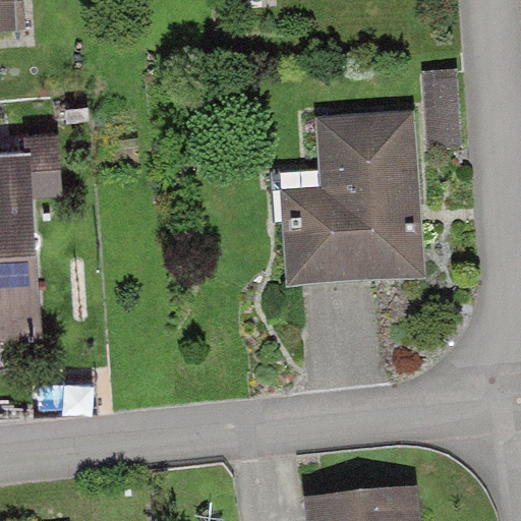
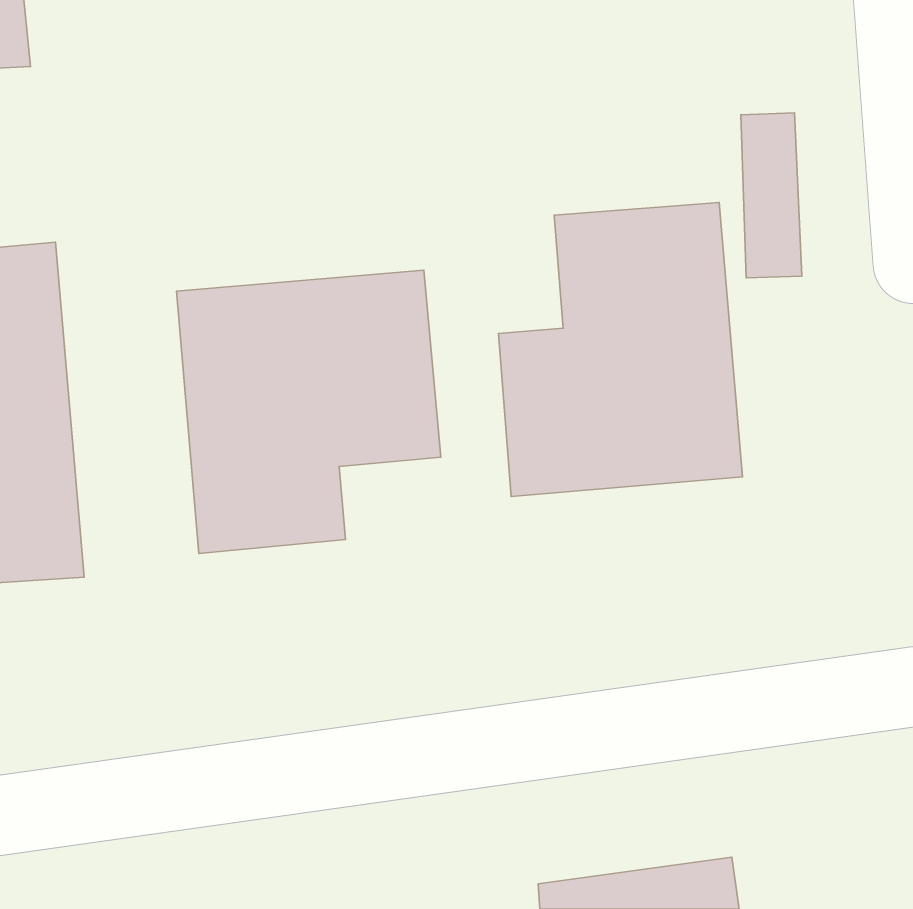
building: none -> [176,270,441,554]

